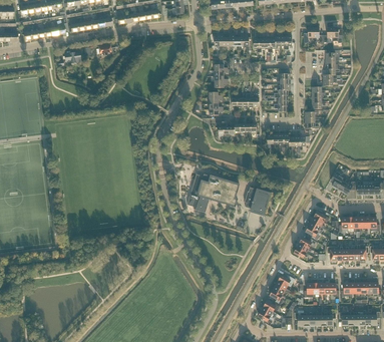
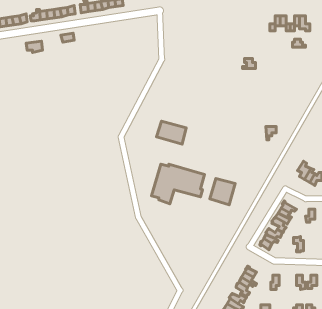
building: none -> [157,121,186,144]

